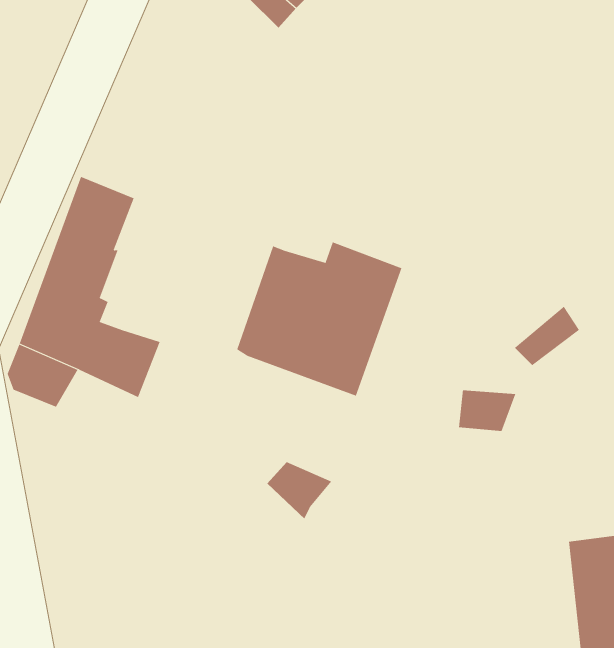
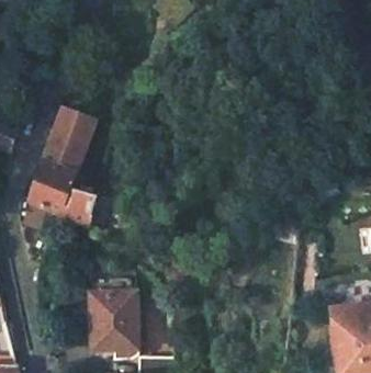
building: [237,242,402,397] -> none
building: none -> [89,291,136,358]

